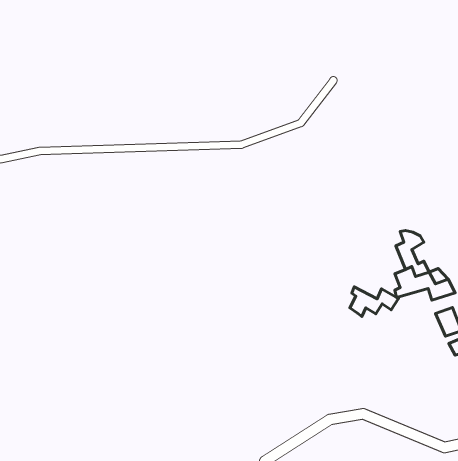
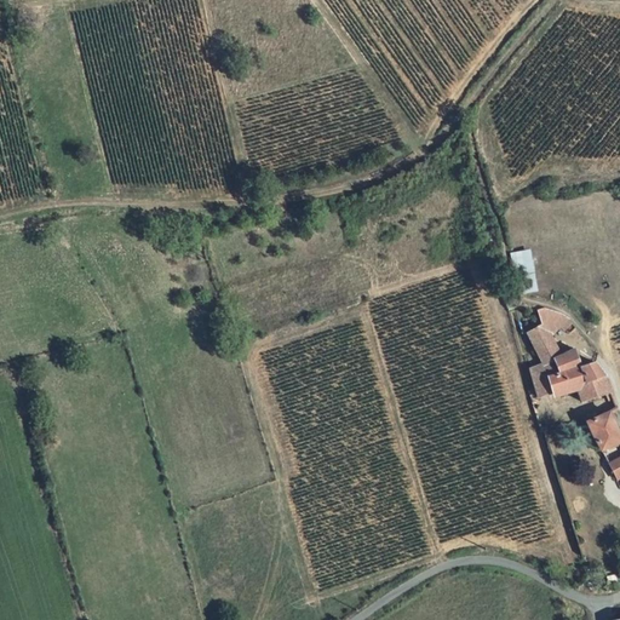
building: [350,287,398,316] -> none

